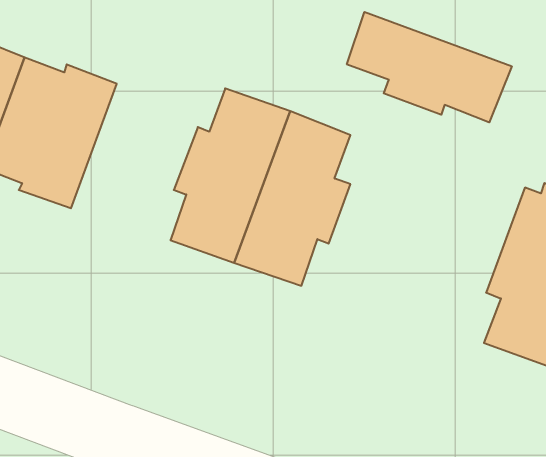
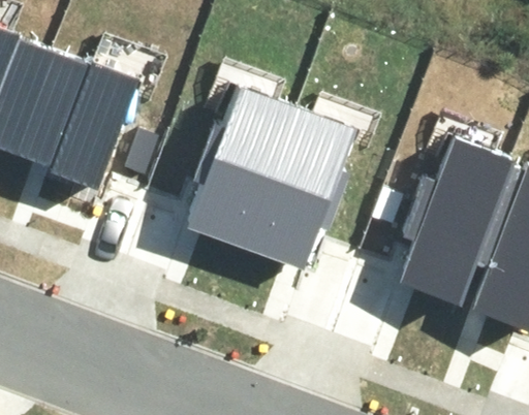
building: [347,12,512,122] -> none
building: none -> [399,138,511,305]

